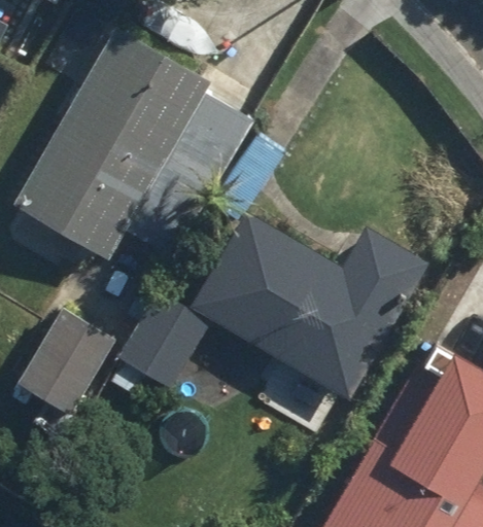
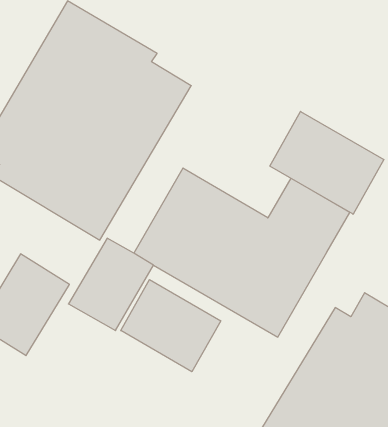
building: none -> [270,111,384,214]
building: none -> [121,280,221,372]

